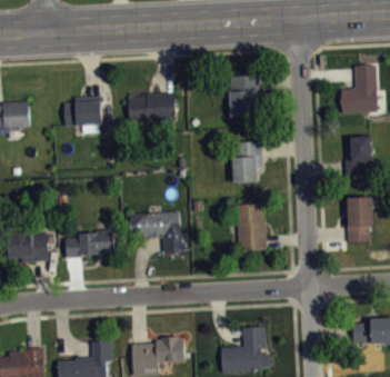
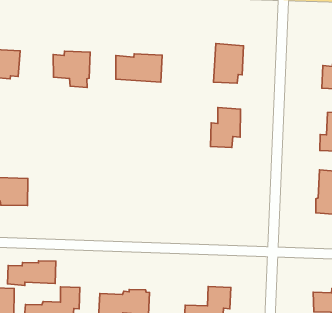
building: [236,202,267,251] -> none
building: [130,211,186,252] -> none
building: [64,229,114,257] -> [8,261,56,285]

